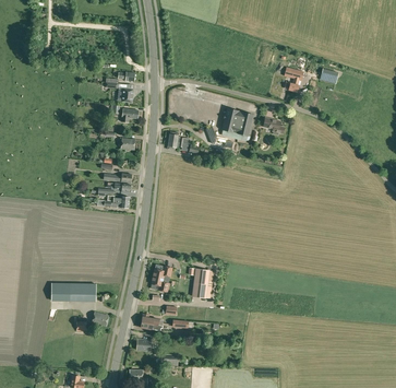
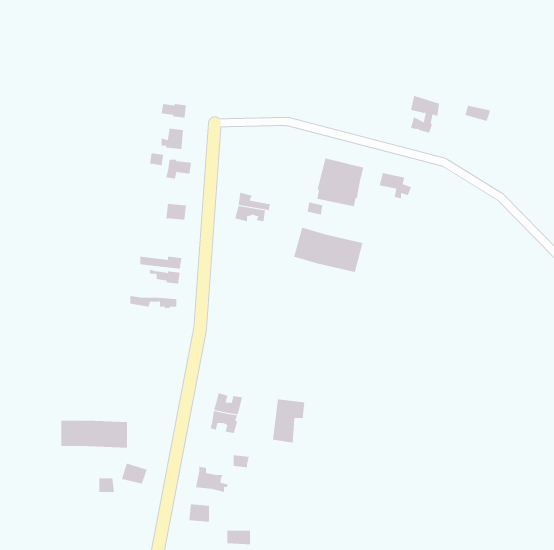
building: none -> [294,227,363,273]

